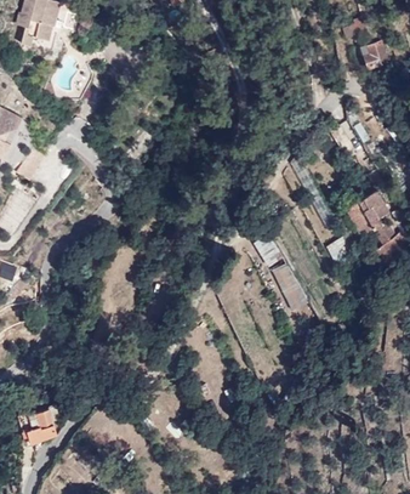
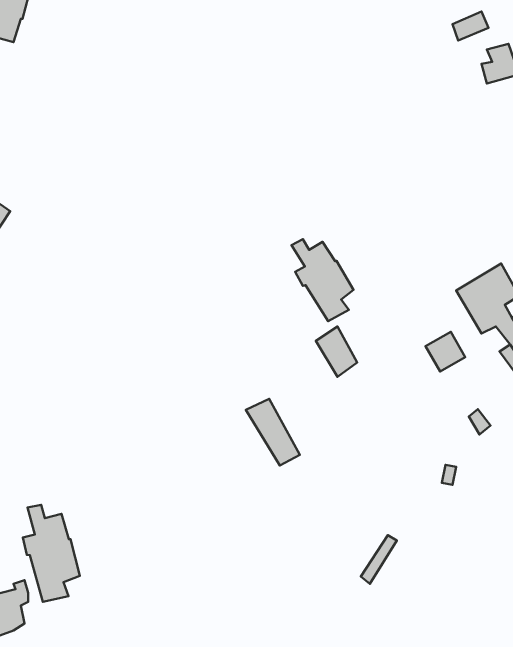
building: none -> [292,239,354,321]
building: [268,265,304,310] -> [246,399,300,466]
building: none -> [23,505,80,602]

